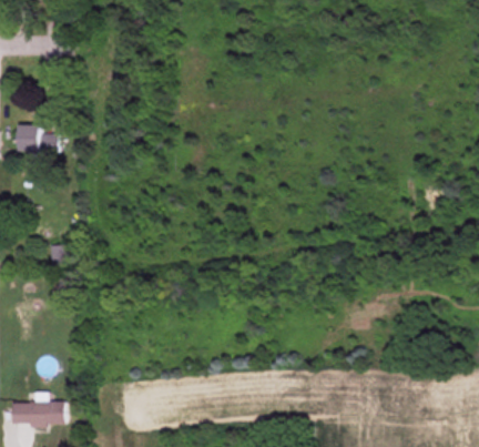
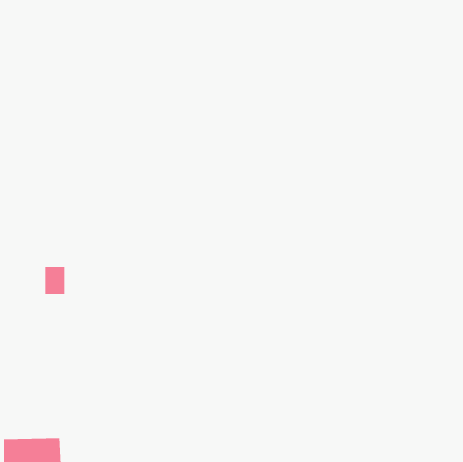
building: [16,124,54,153] -> none

